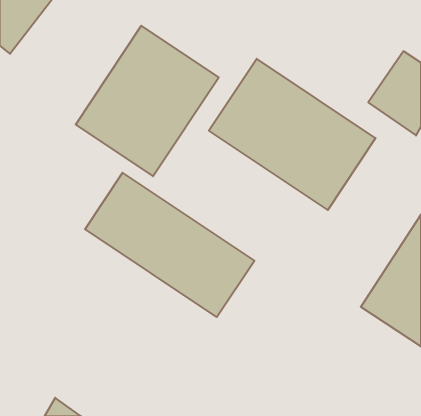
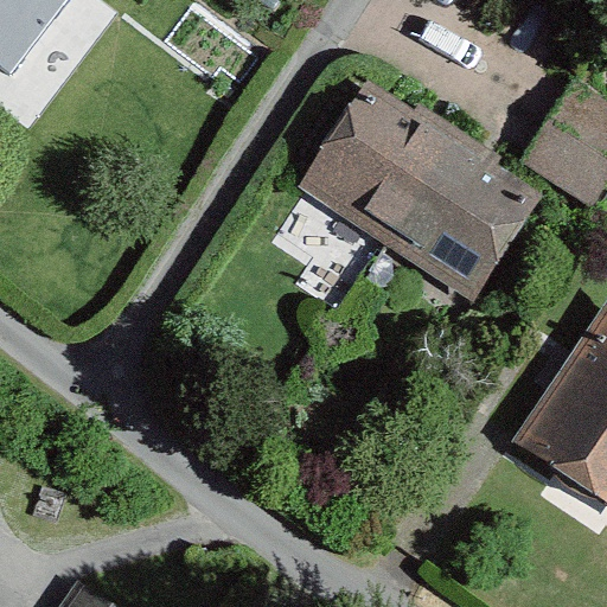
building: [76,26,219,176] -> none
building: [85,173,254,317] -> none

